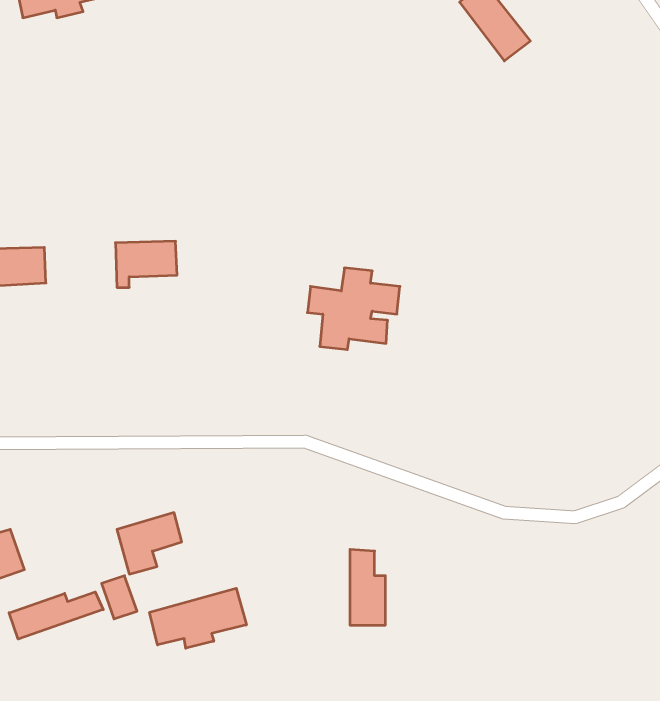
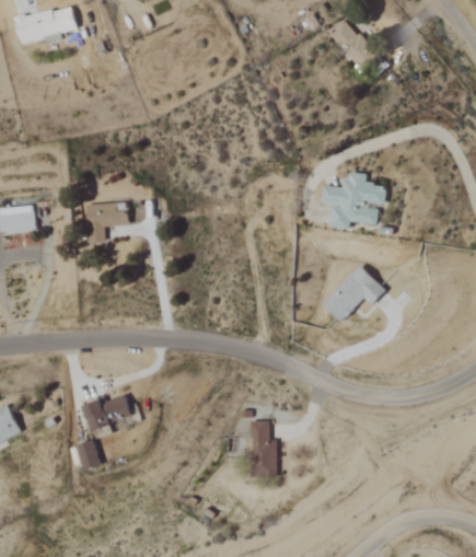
building: [307,268,400,350] -> [321,172,386,230]
building: none -> [322,265,385,322]
building: [150,588,246,648] -> none
building: [9,592,103,639] -> none

